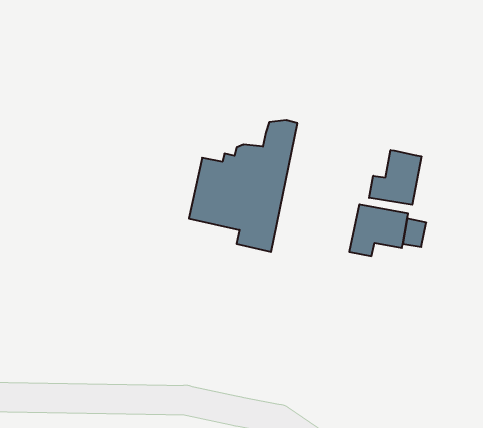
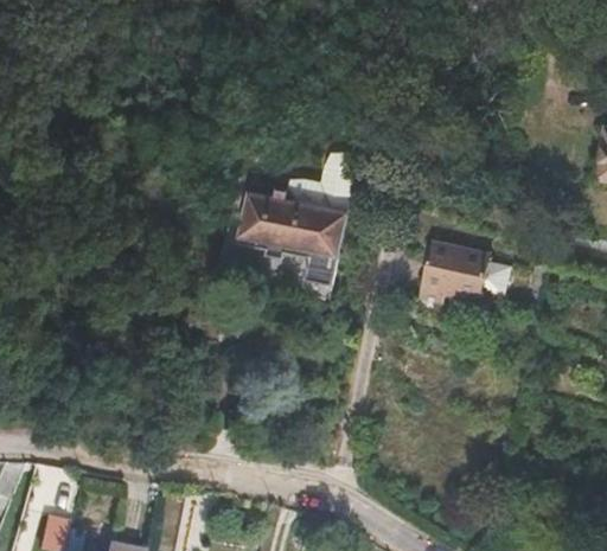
building: [369,150,421,205] -> none

